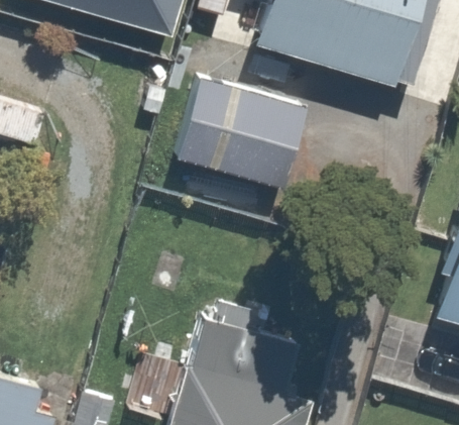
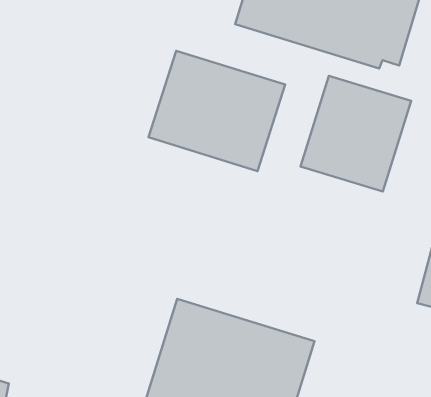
building: none -> [301,76,411,191]

